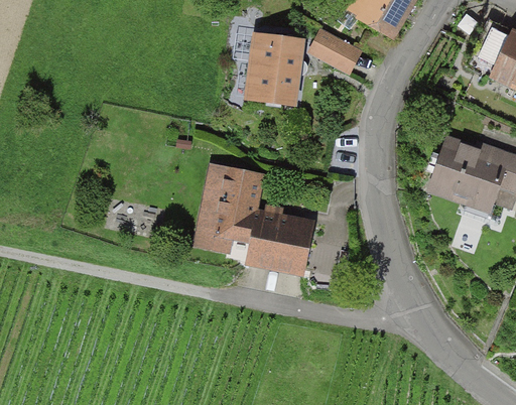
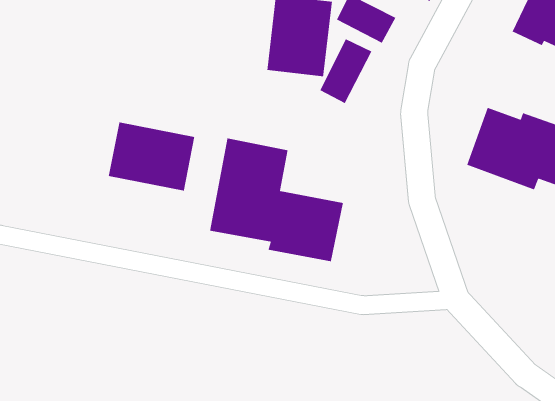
building: none -> [319,38,372,104]
building: none -> [108,122,195,191]

